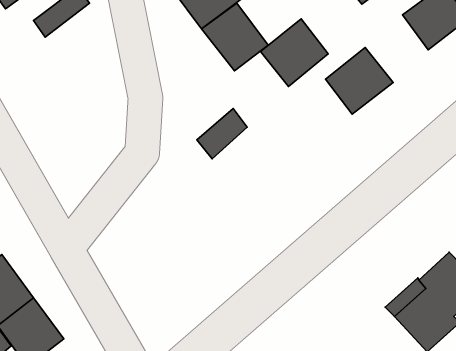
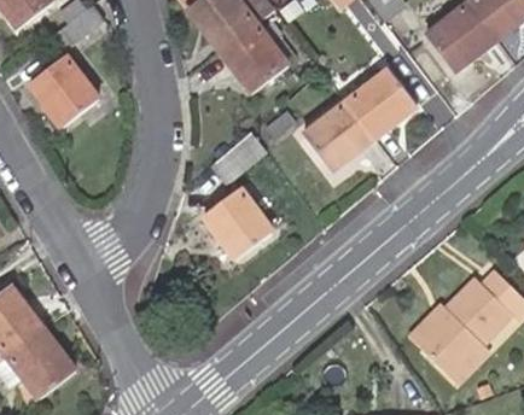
building: [260,19,328,87] -> [304,100,374,170]
building: none -> [29,55,99,127]
building: none -> [204,187,273,257]

